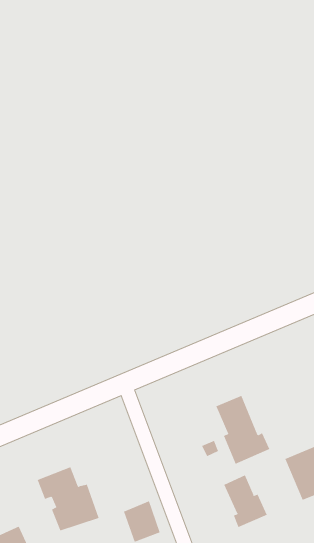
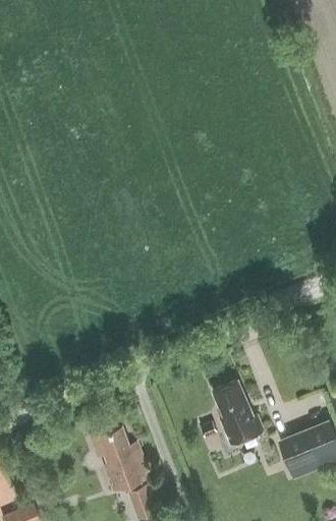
building: [37,467,99,531] -> [92,428,150,488]
building: [223,474,268,528] -> none

